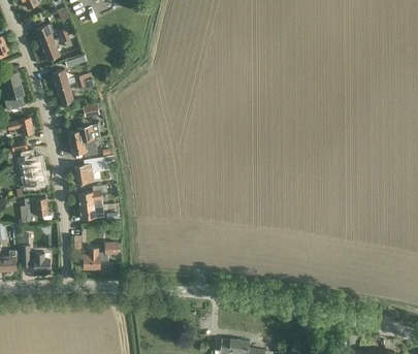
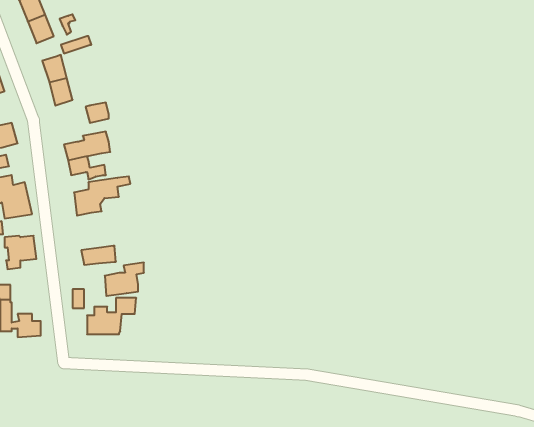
building: [78,185,106,208] -> [105,263,144,296]

